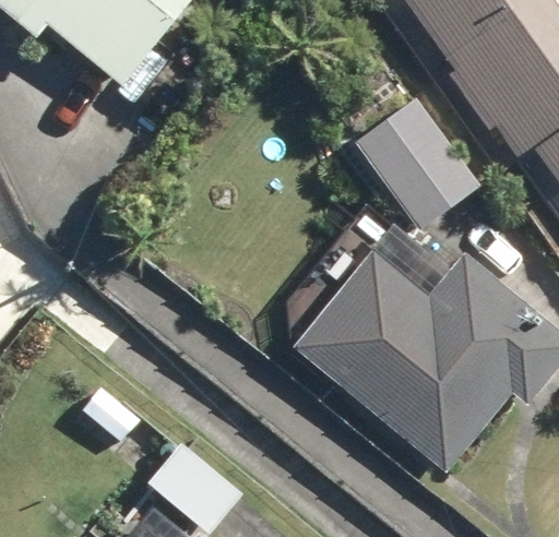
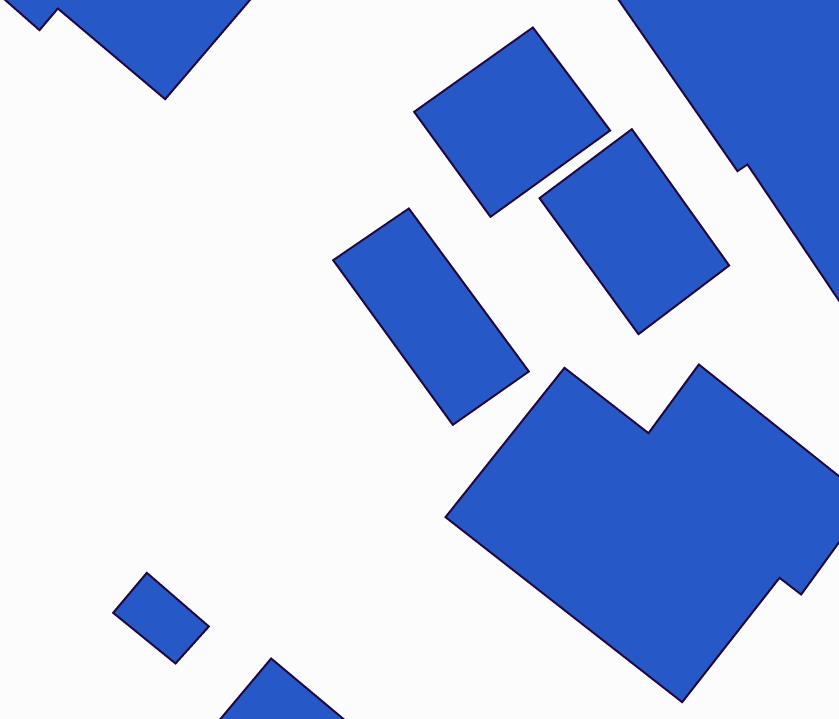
building: none -> [414,27,610,217]
building: none -> [333,209,529,425]

